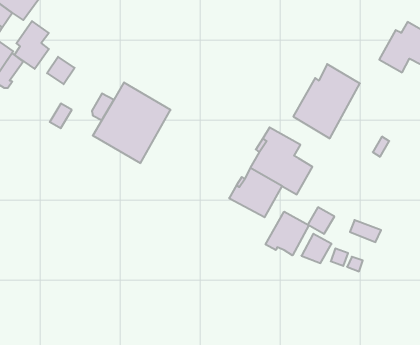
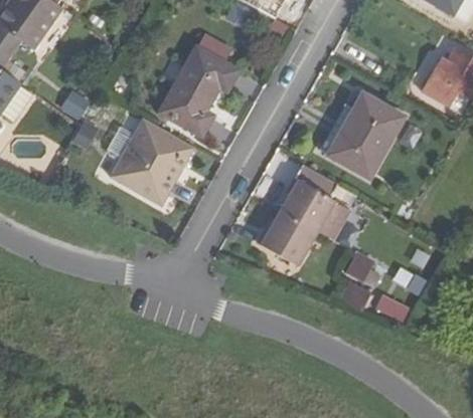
building: none -> [160,48,239,136]
building: [14,21,49,69] -> none
building: [266,212,309,255] -> none

